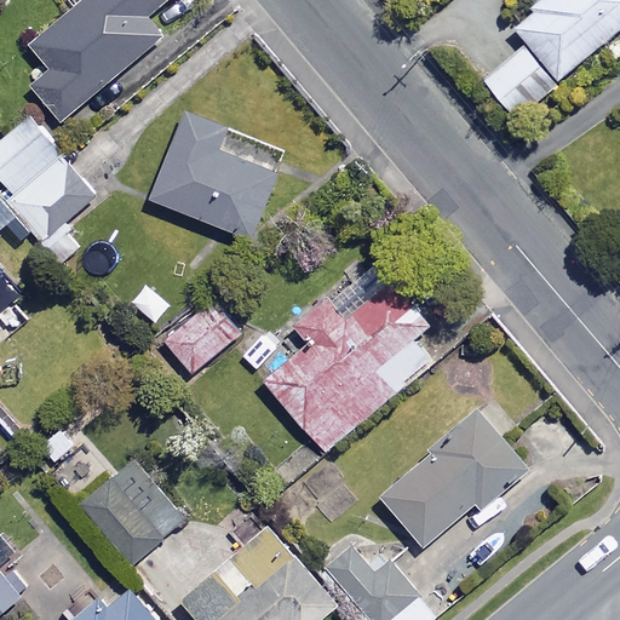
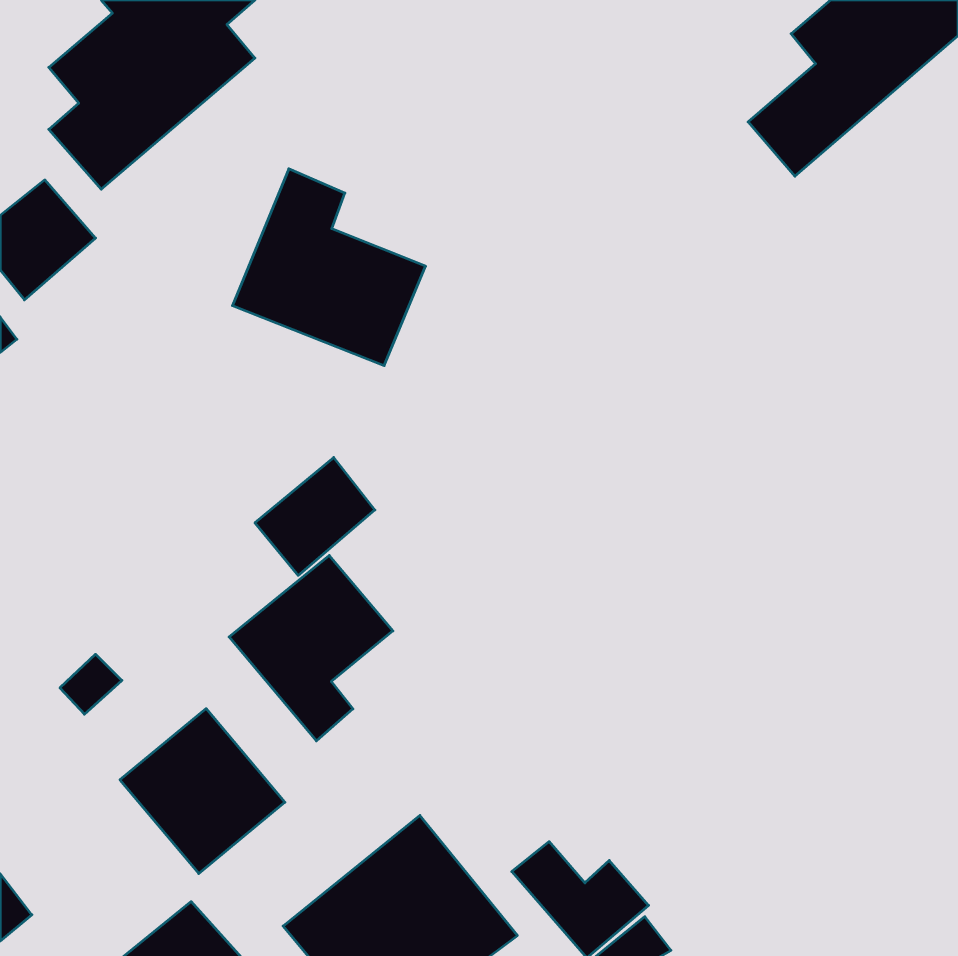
building: [10,155,96,240] -> none
building: [264,274,436,450] -> none
building: none -> [229,555,393,741]
building: [379,412,526,545] -> none

